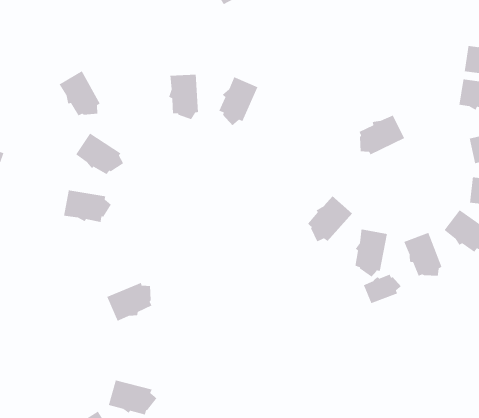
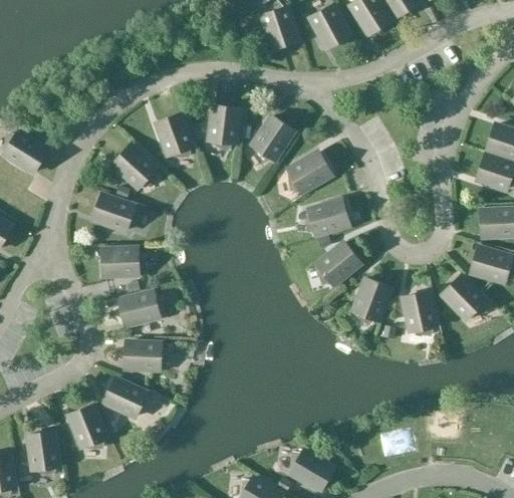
building: [58,70,101,116] -> [156,113,192,157]
building: none -> [287,153,331,193]
building: [358,115,405,156] -> [305,201,349,235]
building: none -> [101,249,145,277]
building: [363,274,401,304] -> none
building: none -> [123,342,168,371]

